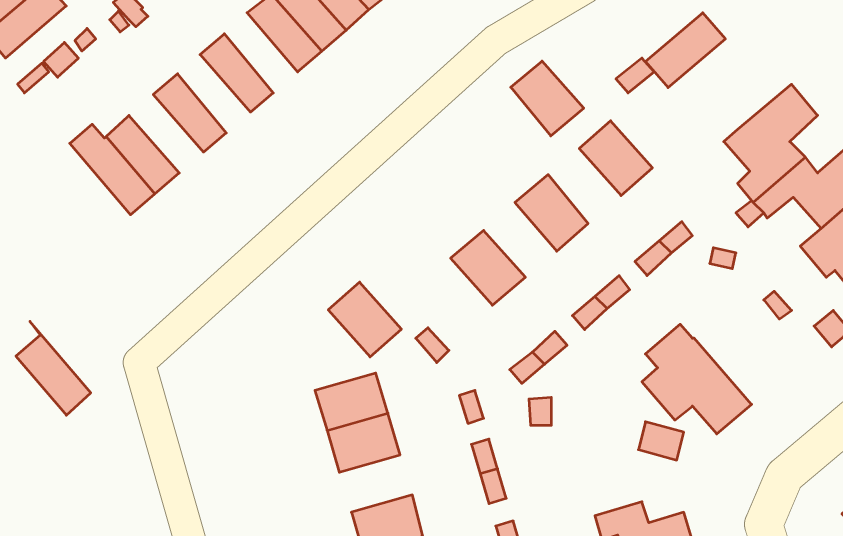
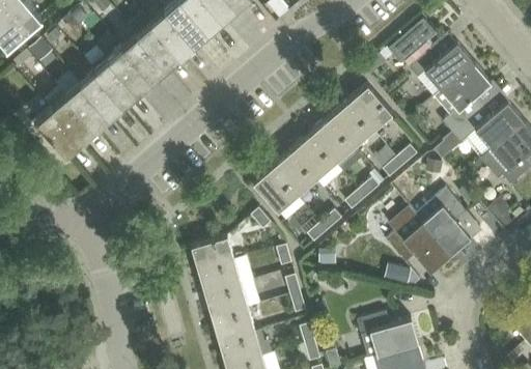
building: none -> [137,22,180,69]
building: none -> [409,44,475,91]
building: none -> [109,47,152,93]
building: [511,61,584,136] -> [330,103,373,147]
building: none -> [80,70,124,117]
building: none -> [291,135,335,179]
building: [328,282,401,357] -> [253,168,297,212]
building: none -> [417,190,470,255]
building: [16,321,91,415] -> [36,100,81,155]
building: none -> [205,285,249,319]

